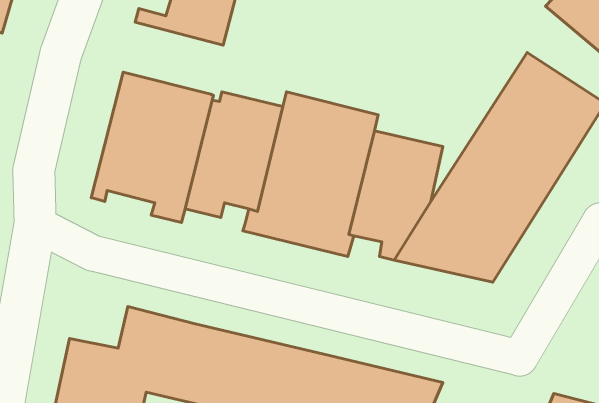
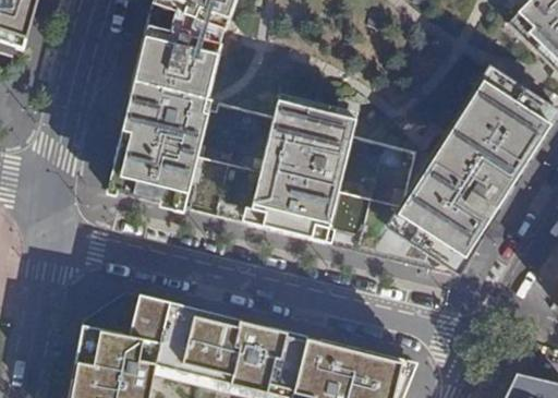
building: none -> [131,40,220,105]

